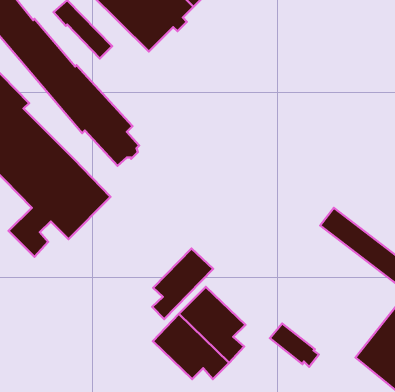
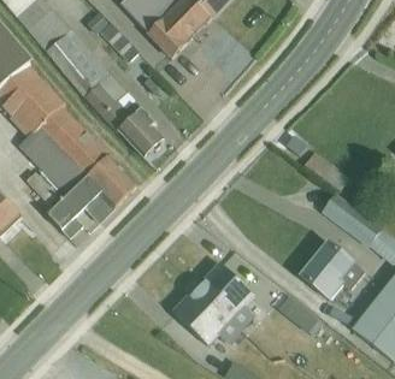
building: [152,248,213,319] -> none
building: none -> [300,241,362,298]

